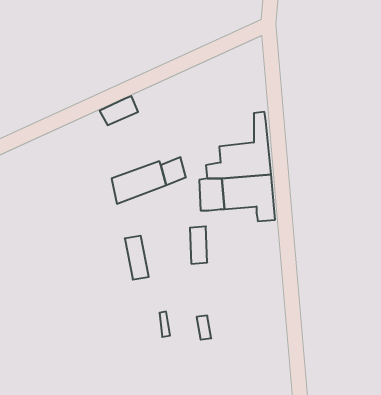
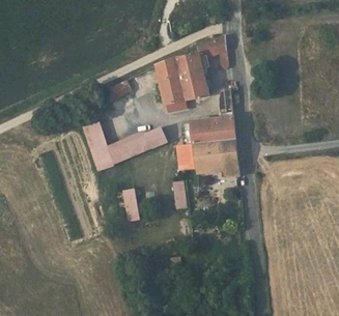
building: none -> [157,35,227,112]
building: none -> [85,120,115,168]

